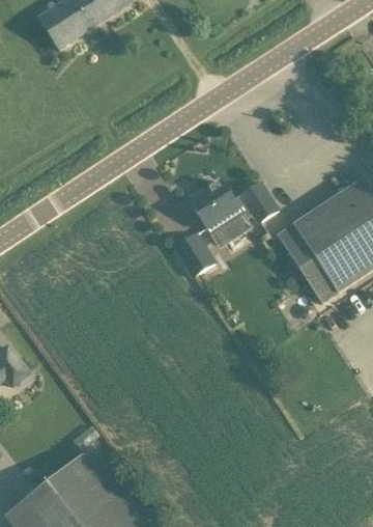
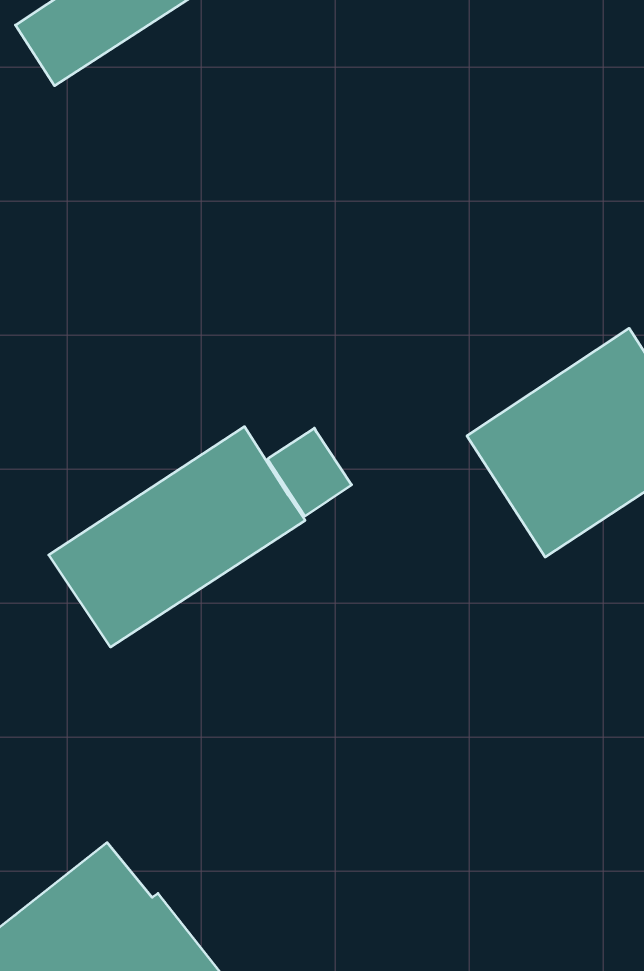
building: [191,181,280,247] -> none
building: none -> [49,427,305,647]

